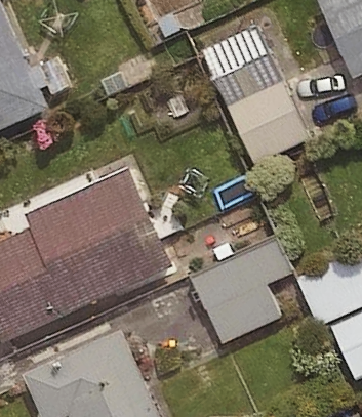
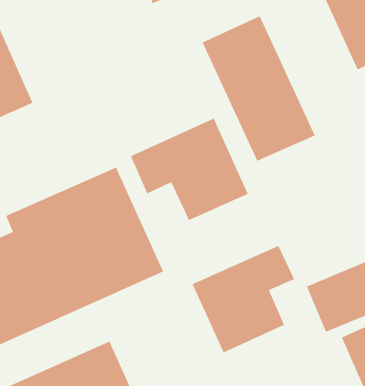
building: none -> [130,117,249,221]

